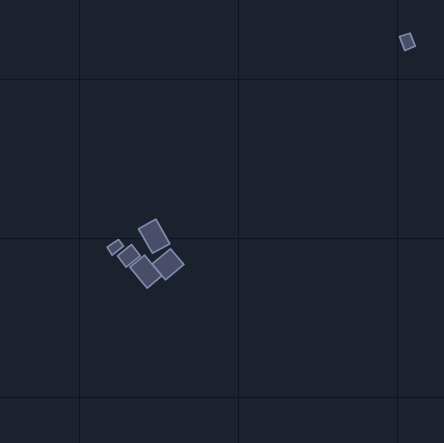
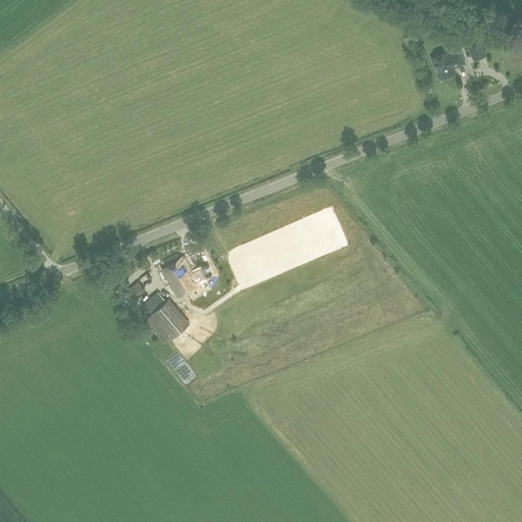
building: none -> [433,51,466,80]
building: [152,249,184,280] -> none

